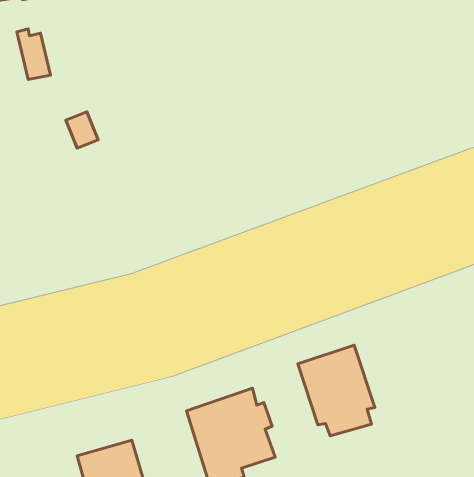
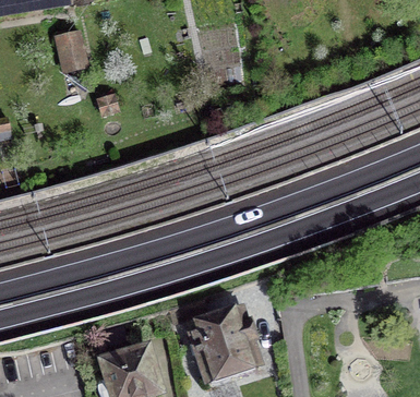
building: [298,345,375,436] -> none

